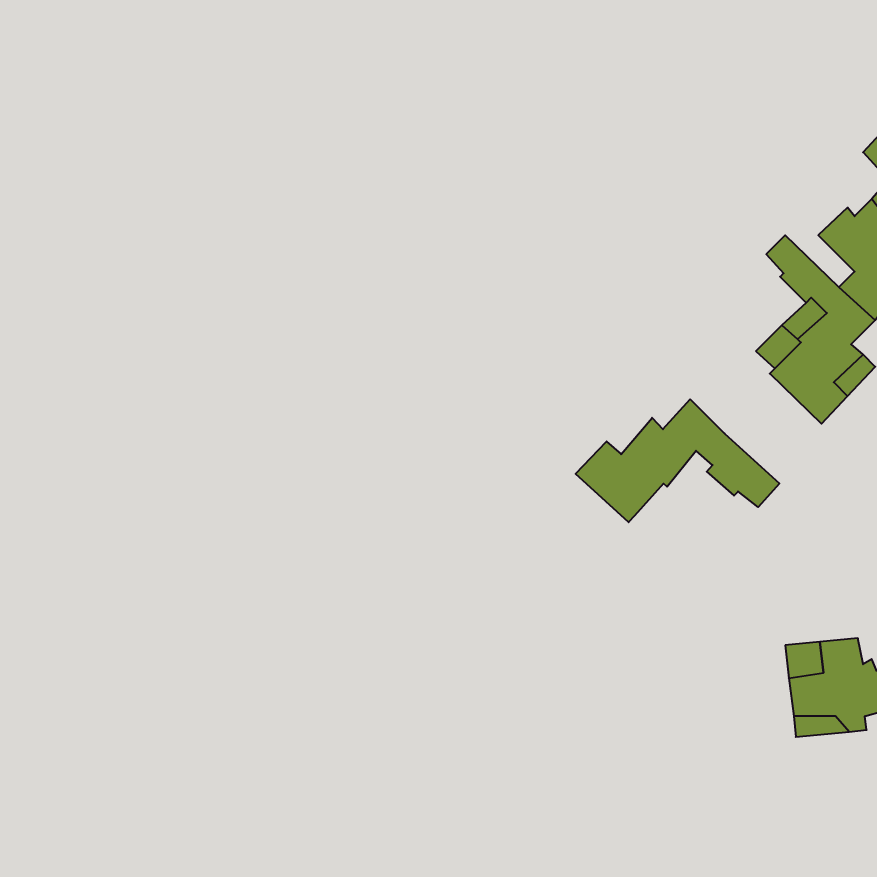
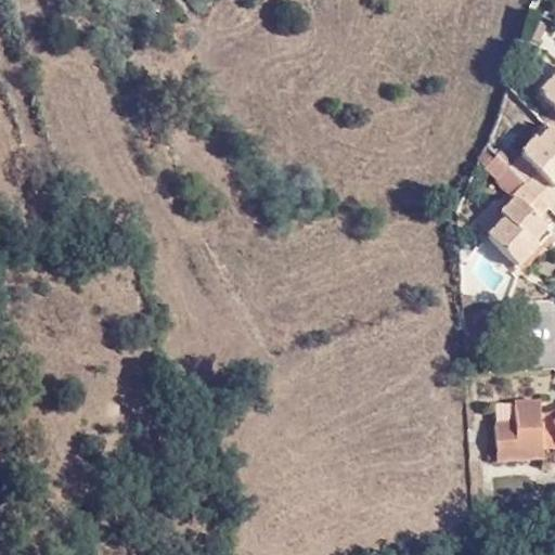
building: [576,399,779,522] -> none

